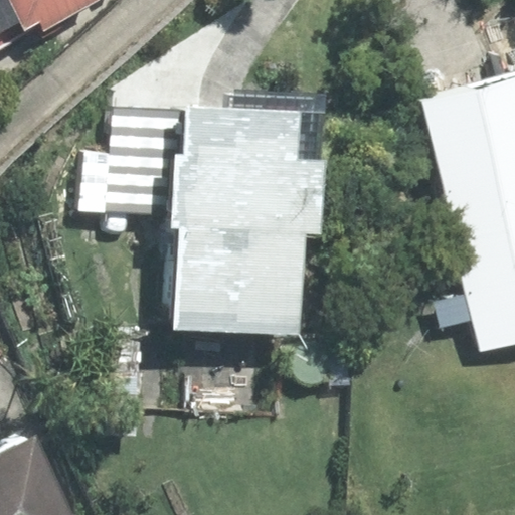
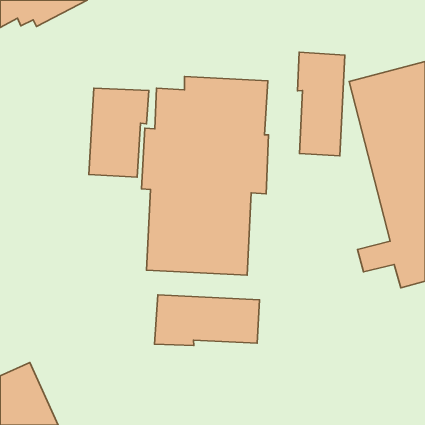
building: none -> [298,52,345,156]
building: none -> [155,295,260,345]

